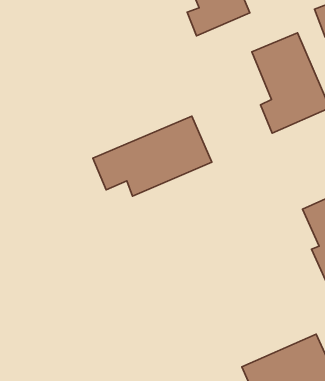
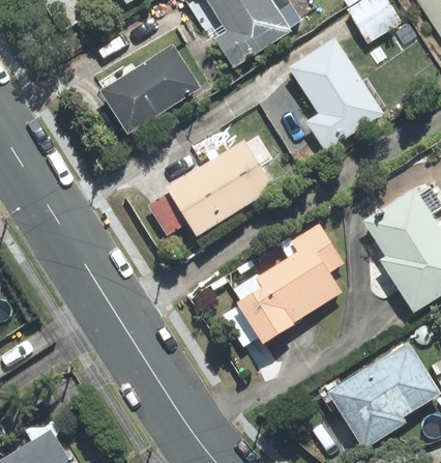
building: none -> [106,49,197,129]
building: none -> [235,230,340,341]

